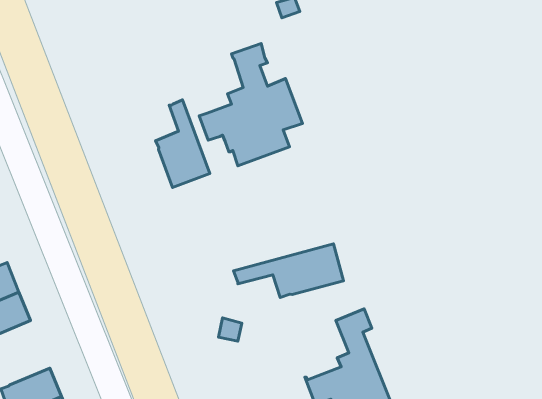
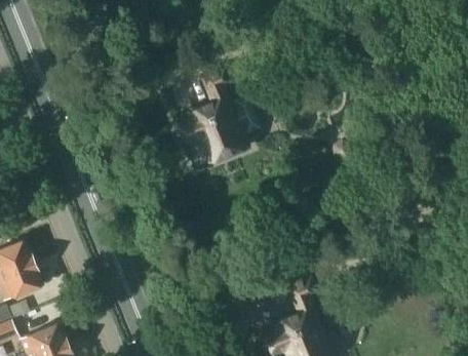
building: [155,100,210,188] -> none
building: [234,244,344,298] -> none

